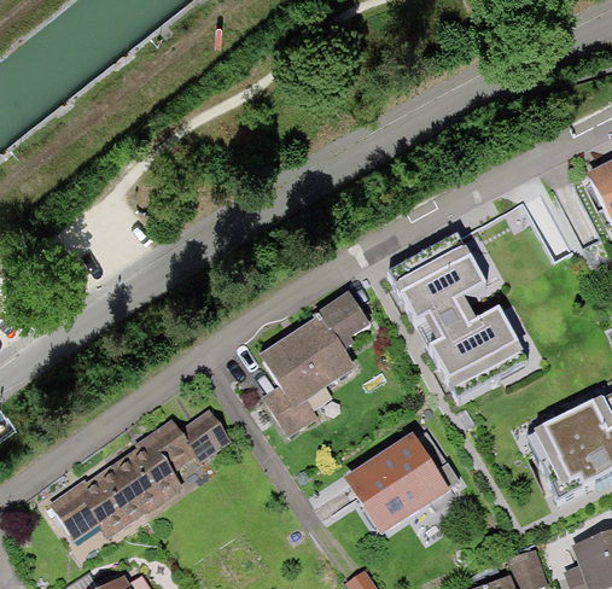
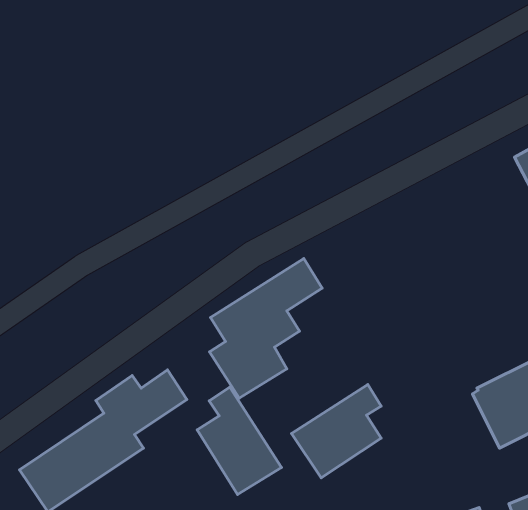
building: [394,233,525,391] -> none
building: none -> [197,387,281,495]

